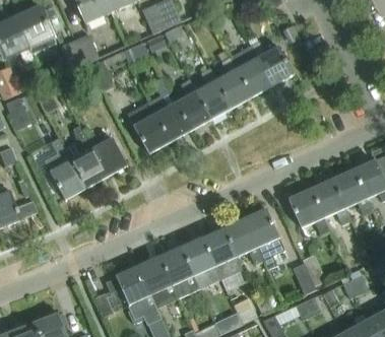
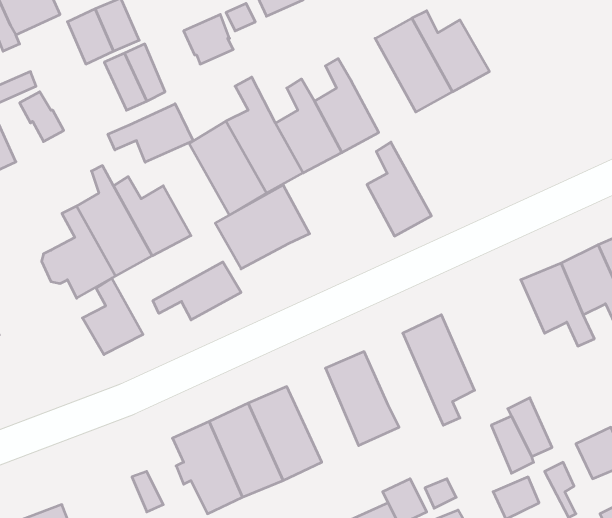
building: [216,55,252,107] -> [367,142,431,236]
building: none -> [108,104,193,162]
building: none -> [215,185,310,269]
building: none -> [153,262,241,320]
building: none -> [82,278,143,355]
building: [288,188,329,233] -> none
building: [223,217,263,263] -> none
building: [181,237,220,288] -> none

